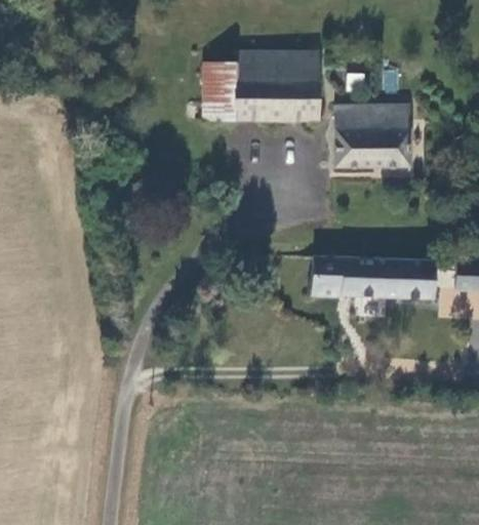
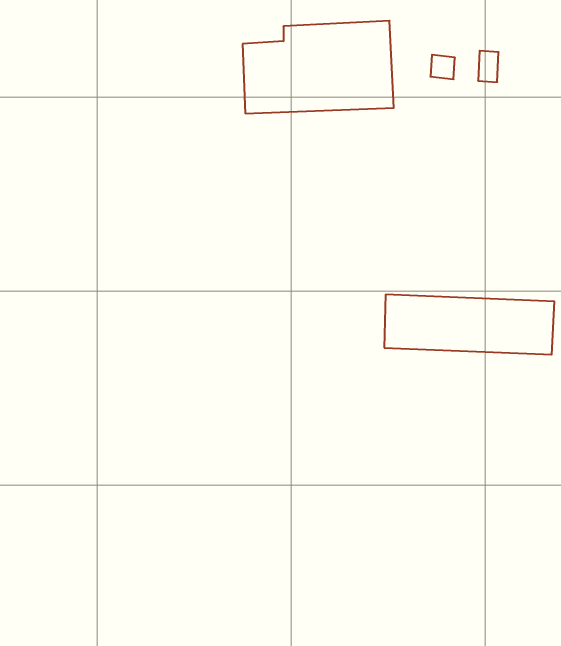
building: [338,105,410,164] -> none

